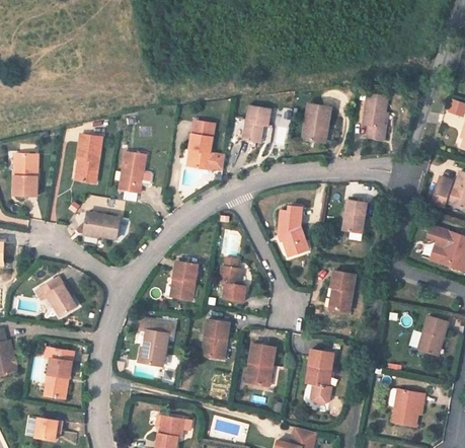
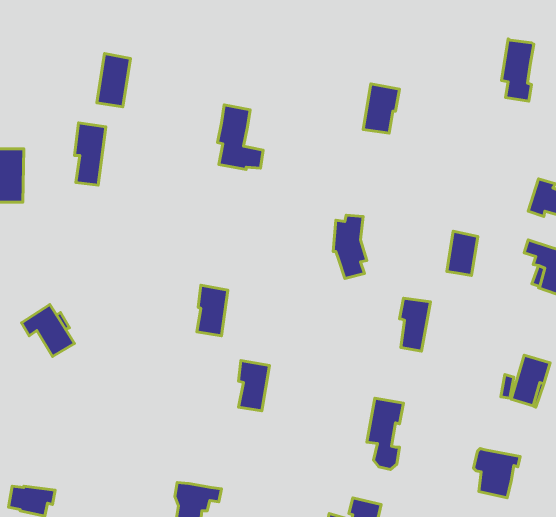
building: [362,92,387,141] -> [502,39,534,101]
building: [242,105,270,143] -> none
building: [119,151,145,193] -> [97,53,131,107]
building: [342,199,367,233] -> [447,231,478,275]
building: [83,212,120,239] -> none
building: [218,257,245,302] -> none
building: [139,318,173,366] -> none
building: [245,344,275,385] -> none
building: [44,348,73,398] -> none

